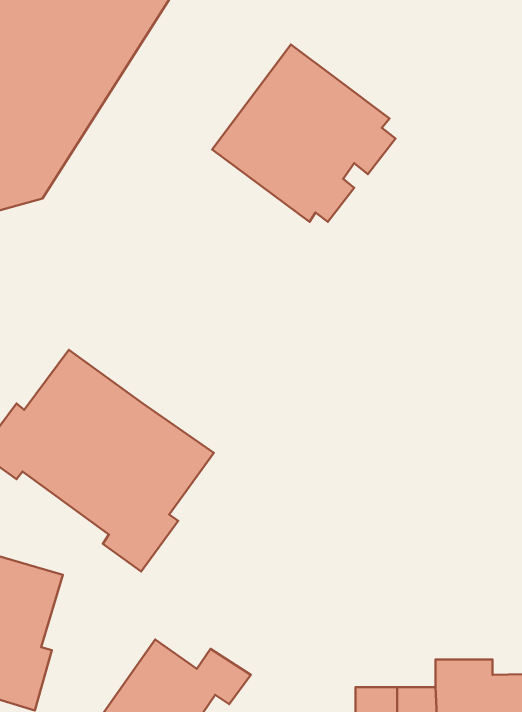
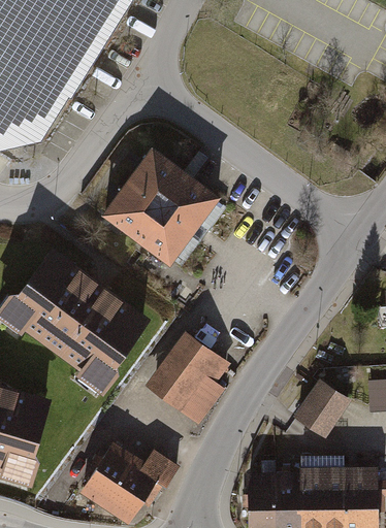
building: [212,45,396,222] -> [101,151,224,269]
building: none -> [147,333,228,423]
building: none -> [295,377,352,436]

